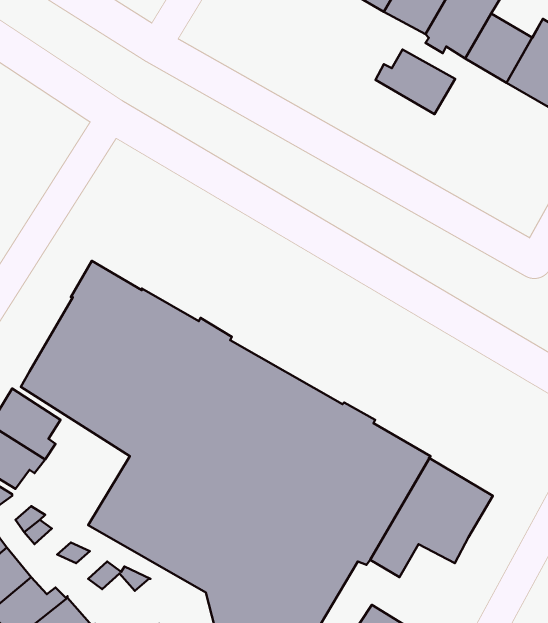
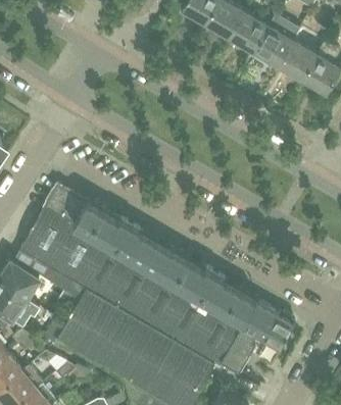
building: [375,49,455,114] -> none

